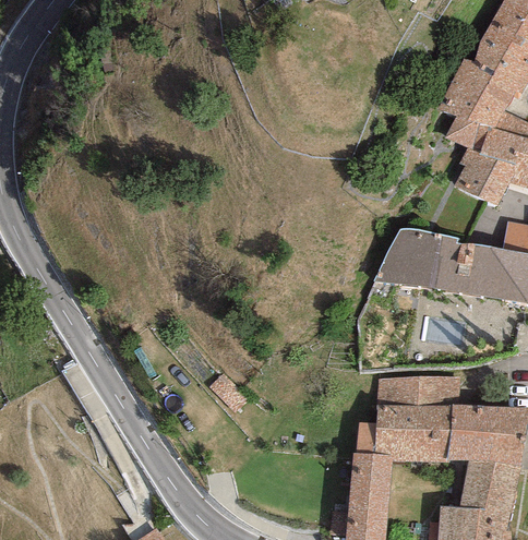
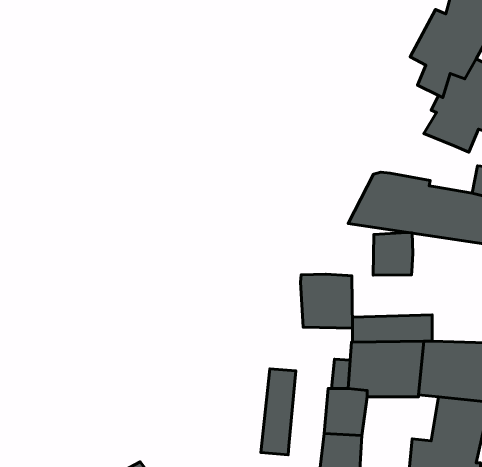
building: none -> [373,232,413,275]
building: none -> [301,274,352,328]
building: none -> [261,369,296,455]

